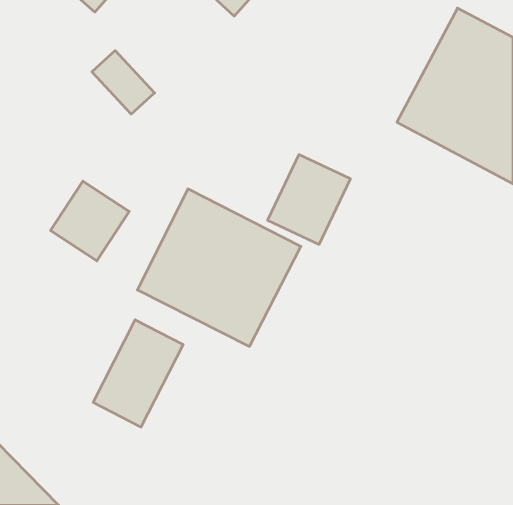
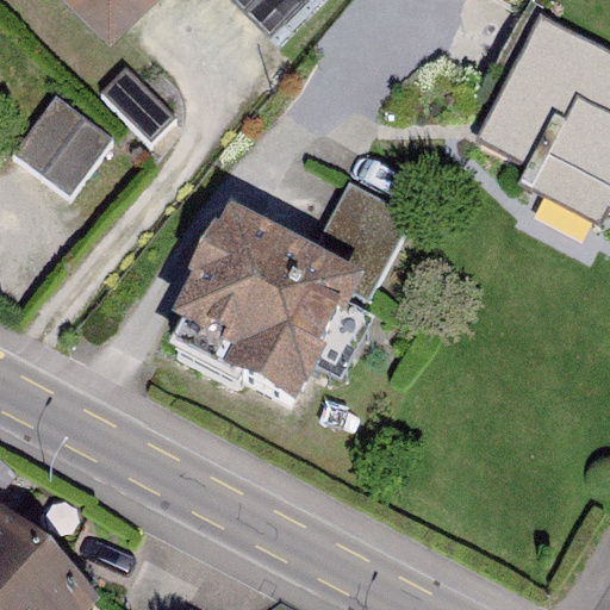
building: [51,181,129,261] -> [20,97,113,191]
building: [93,320,183,427] -> none

